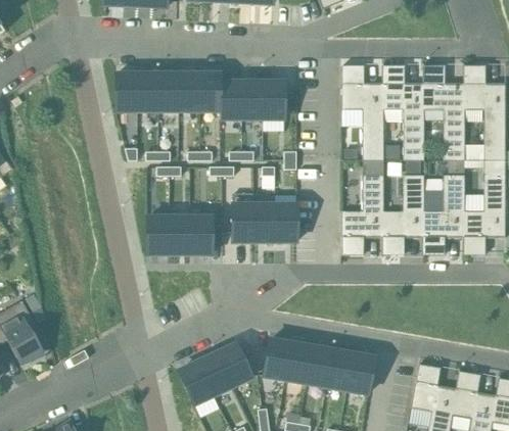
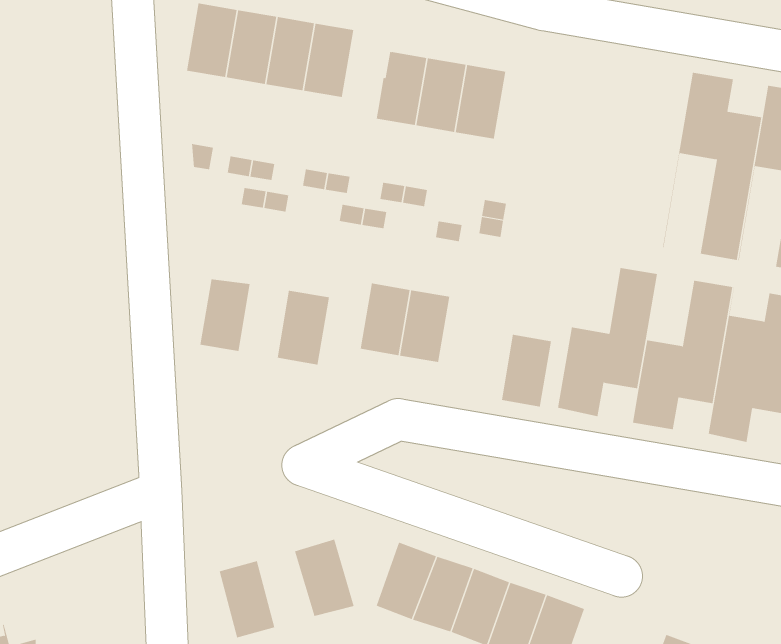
building: [341,65,382,160] -> none
building: [200,74,221,110] -> none
building: [275,205,296,241] -> [501,334,552,407]
building: [169,217,189,253] -> none
building: [197,353,232,395] -> none

